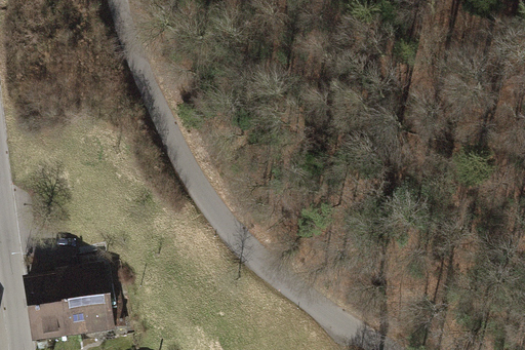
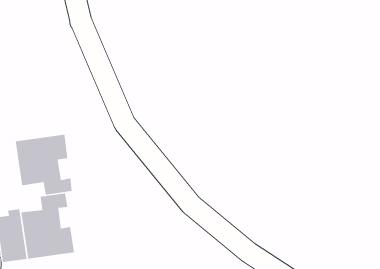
building: none -> [15,134,72,196]

